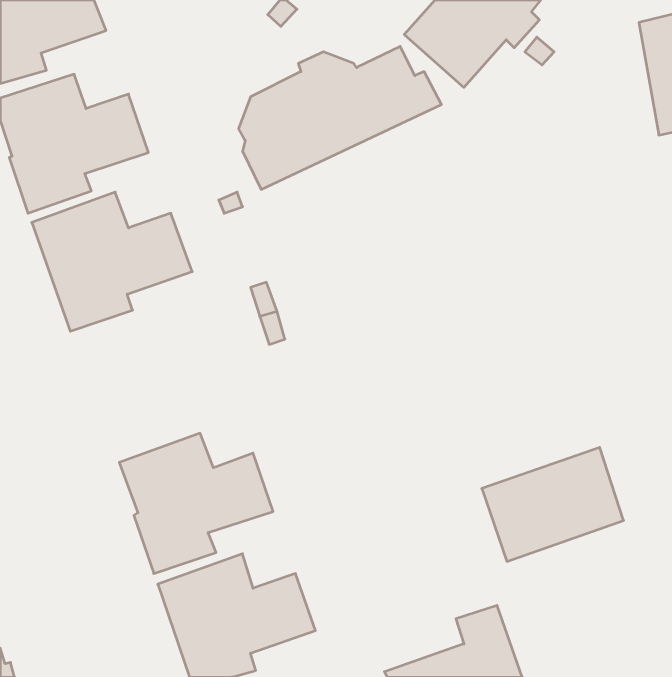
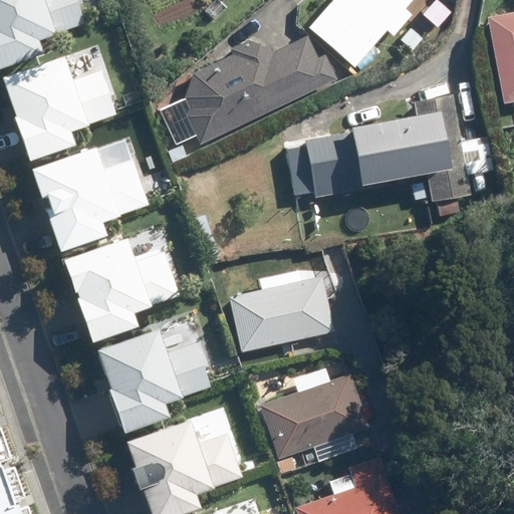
building: none -> [287,95,496,203]
building: none -> [60,238,181,342]
building: none -> [231,277,335,352]
building: [482,447,624,561] -> [261,373,368,460]

